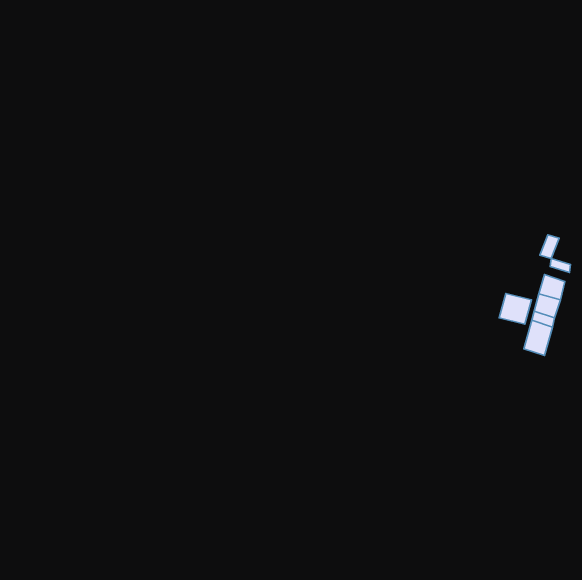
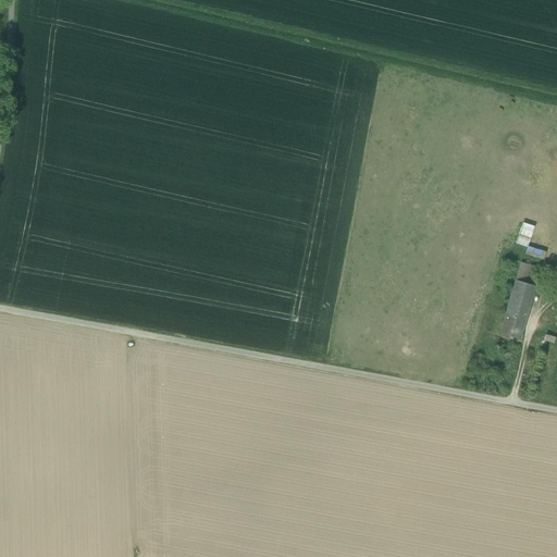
building: [499,294,532,324] -> none

